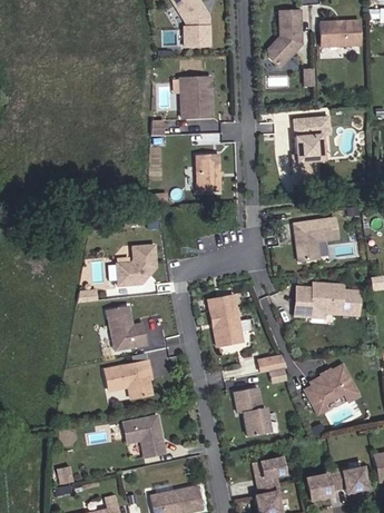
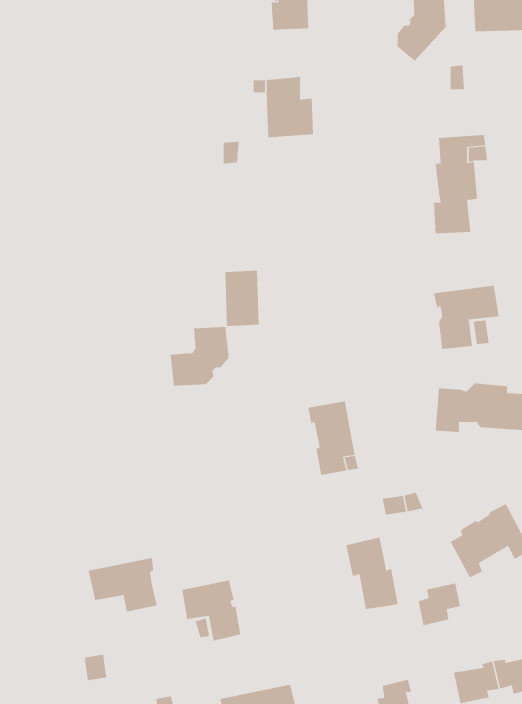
building: [196,154,219,191] -> [225,270,259,326]
building: [107,305,147,349] -> none
building: [105,361,151,397] -> [88,557,158,612]
building: [255,457,284,486] -> [418,583,461,626]

